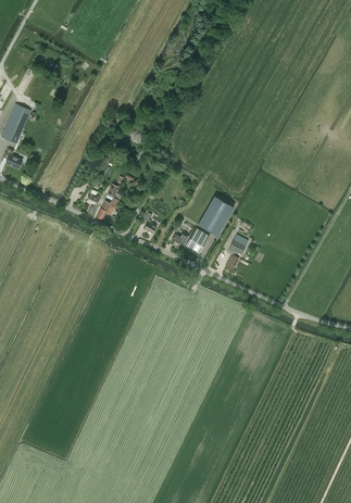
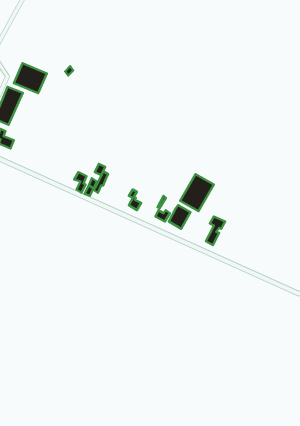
building: none -> [14,63,47,93]

